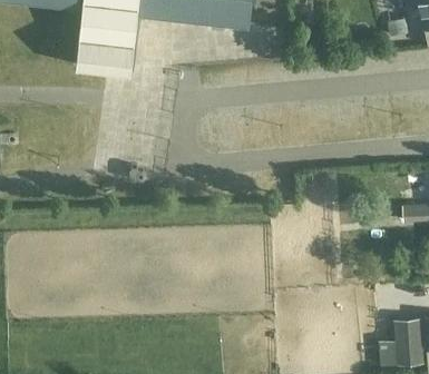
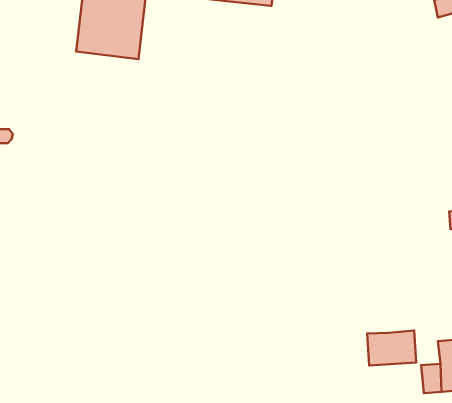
building: none -> [367,330,416,365]

